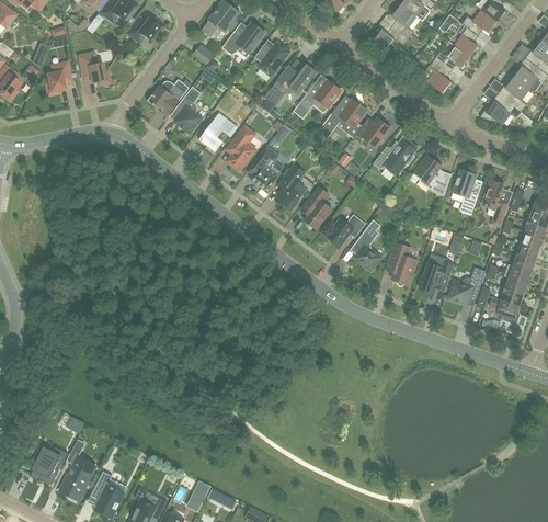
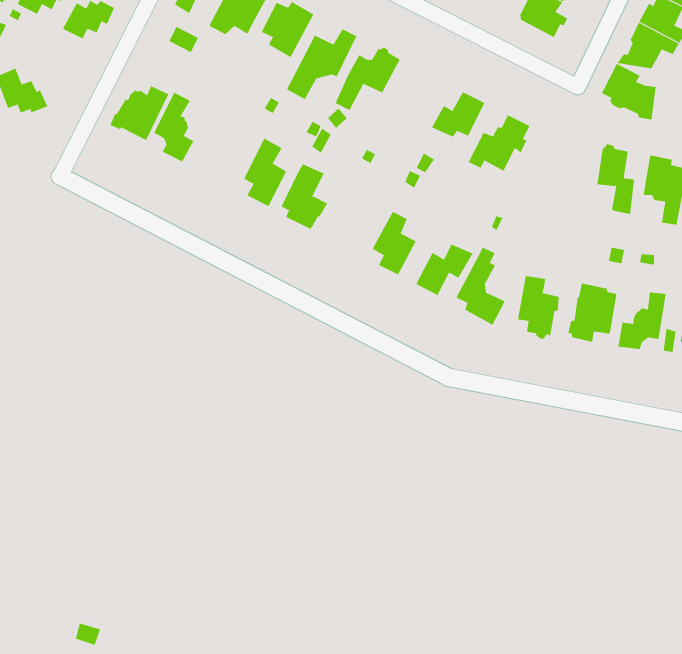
building: [317,99,367,138] -> none
building: [198,112,238,151] -> none
building: [414,155,450,195] -> [601,63,657,120]
building: [275,163,307,209] -> none

